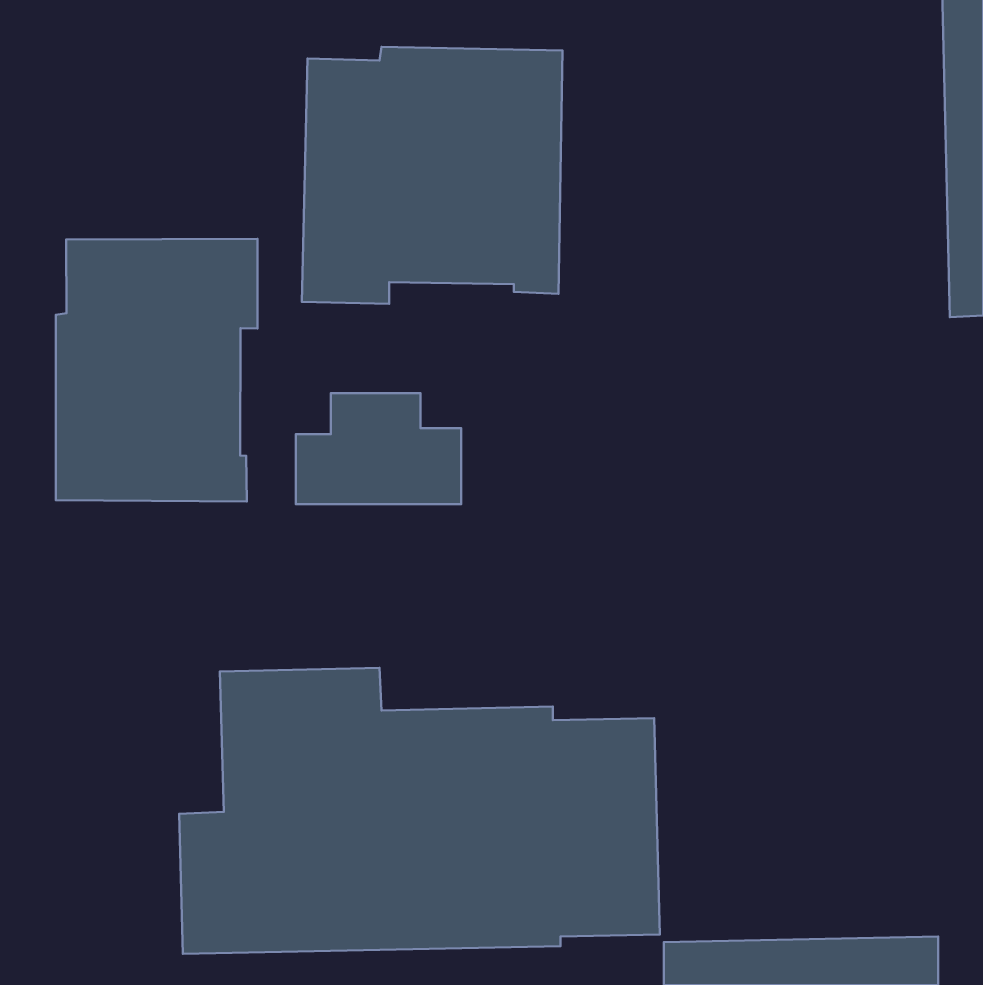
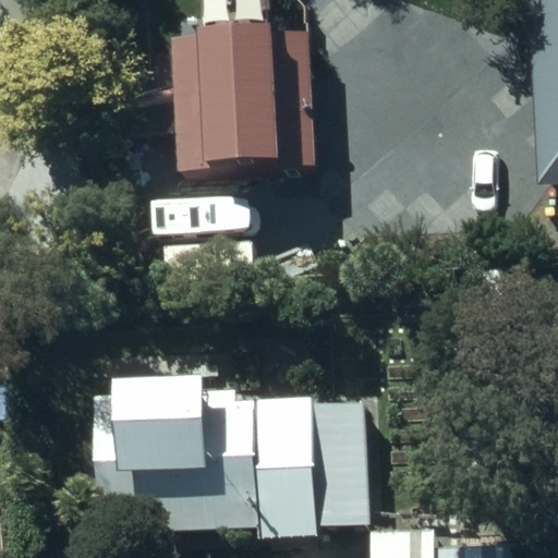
building: [56,239,257,502] -> none

